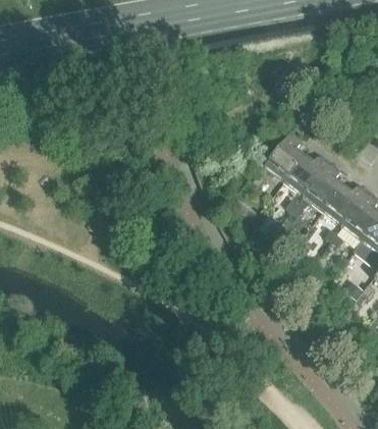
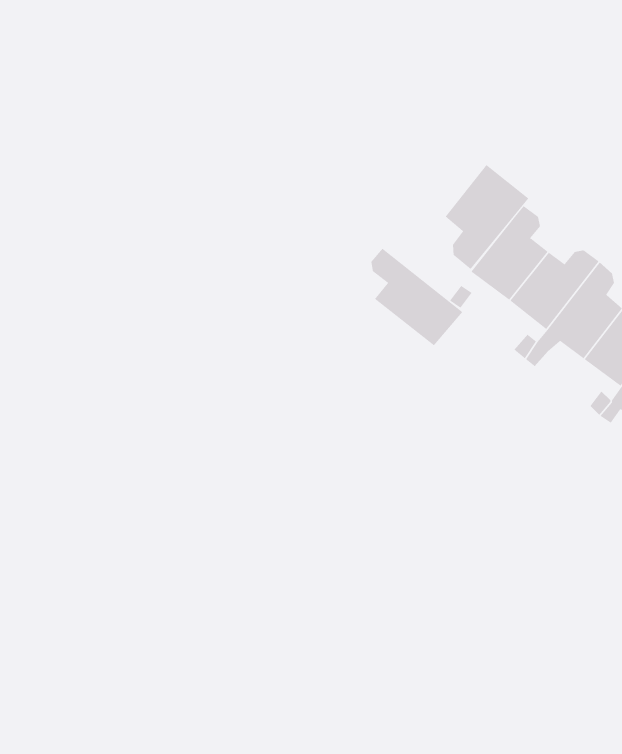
building: none -> [445,164,529,270]
building: none -> [371,248,463,346]

